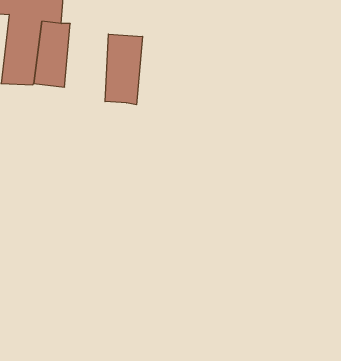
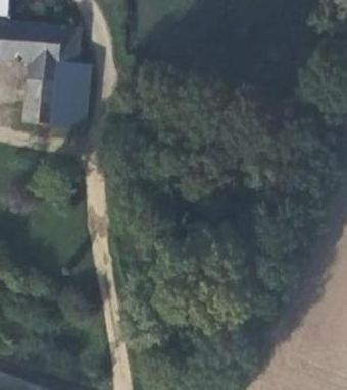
building: [105,34,143,105] -> none

